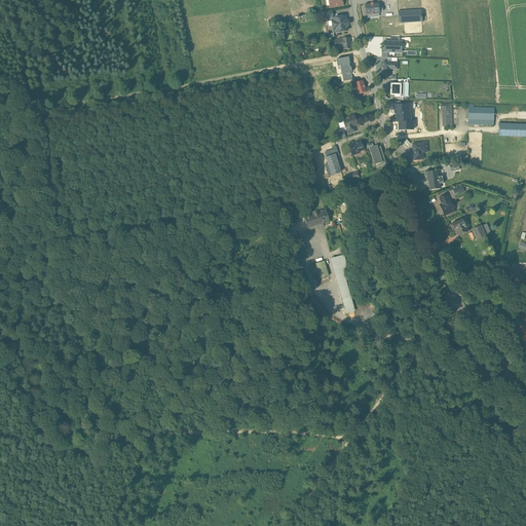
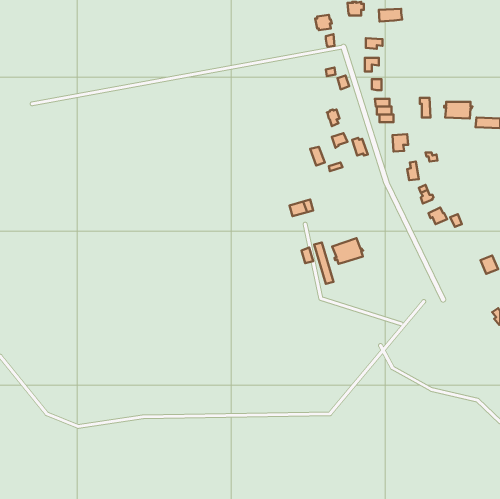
building: none -> [332,238,363,264]

